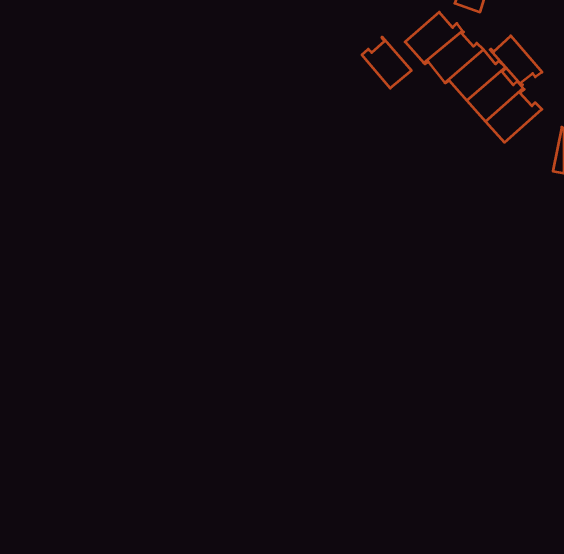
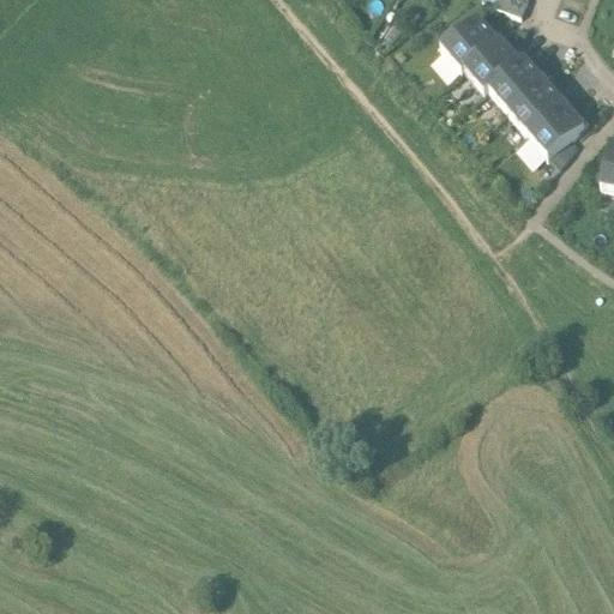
building: [490,36,542,85] -> none
building: [362,37,411,88] -> none

